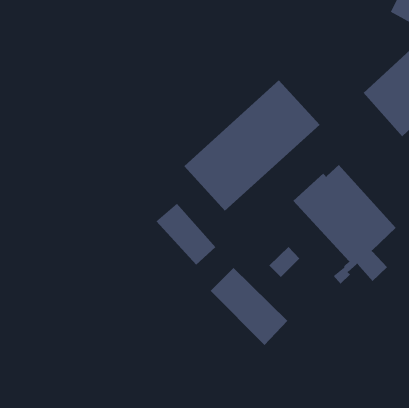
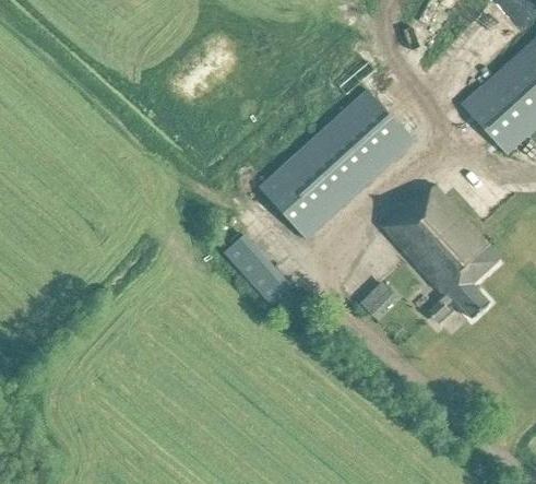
building: [210,267,288,346] -> none

